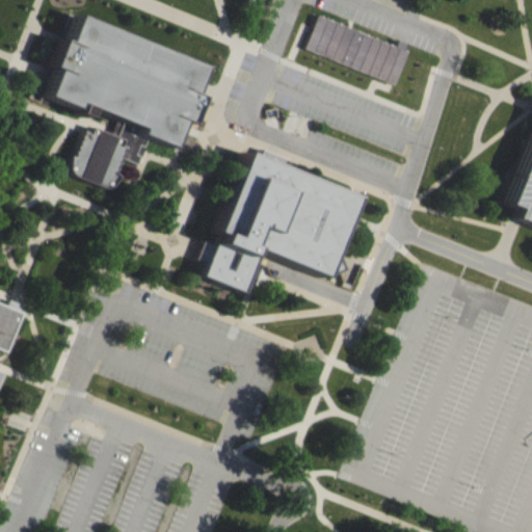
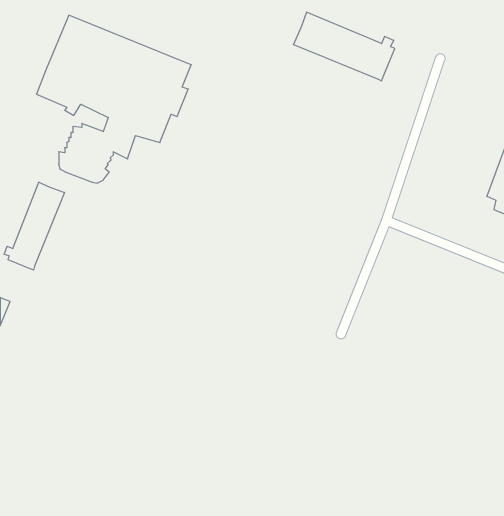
building: [207,152,361,292] -> none
building: none -> [4,182,64,270]

